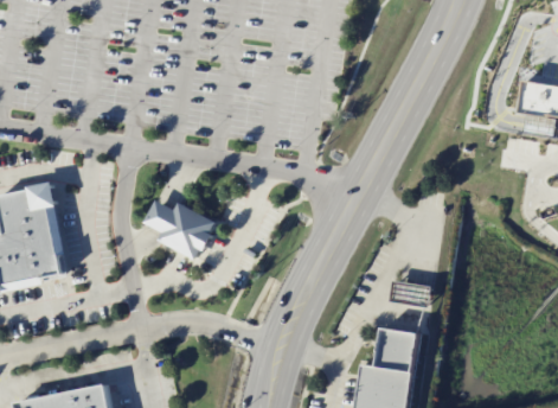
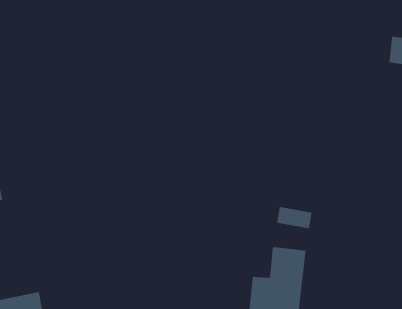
building: [145,203,216,267] -> none

